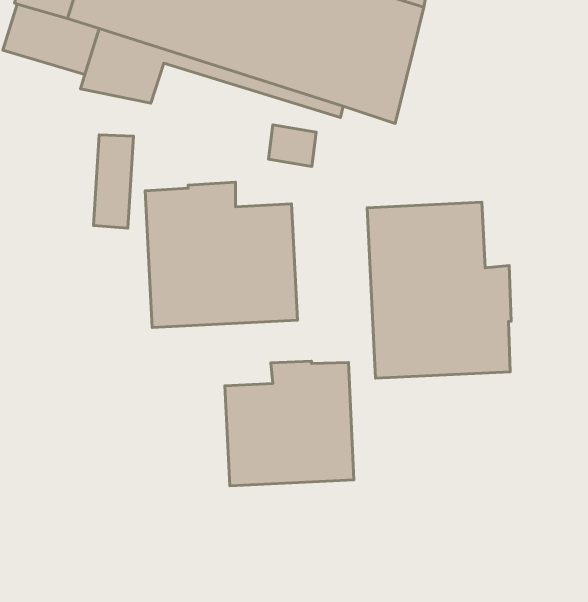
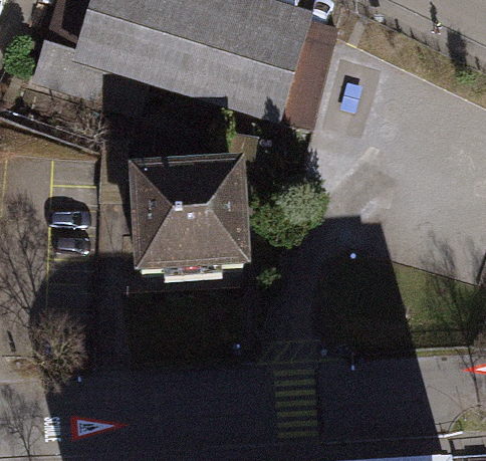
building: [367,202,511,378] -> none
building: [225,361,354,486] -> none

